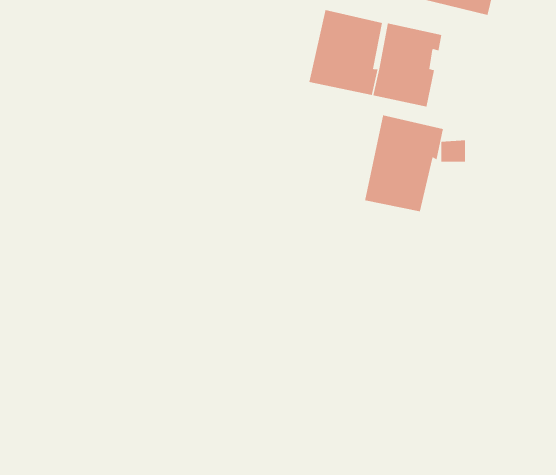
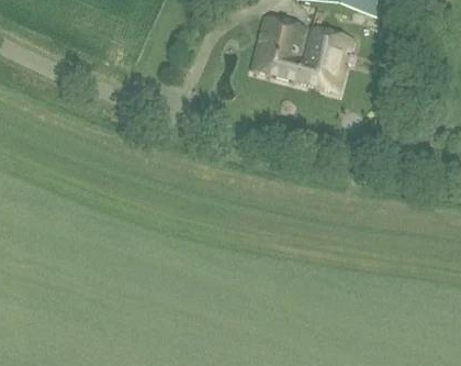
building: [364,115,443,212] -> none

